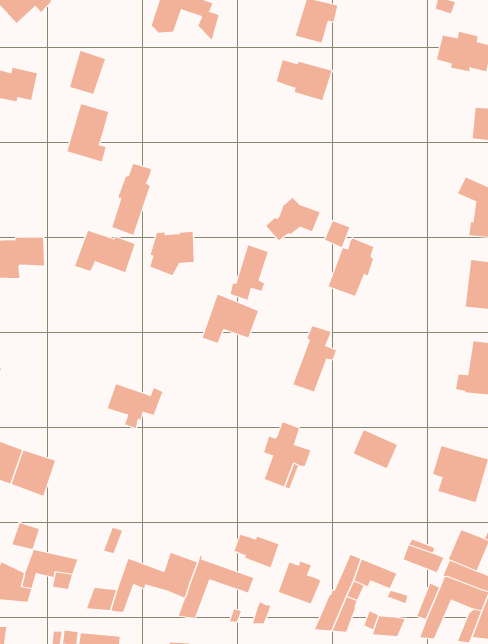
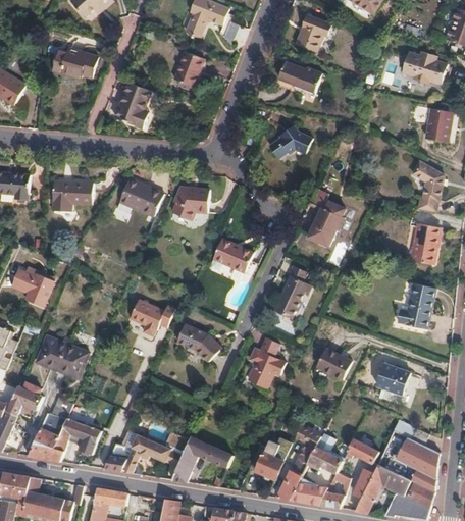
building: [69,50,106,95] -> [174,52,204,87]
building: [111,163,151,235] -> none
building: [265,197,320,241] -> [268,125,311,158]
building: [230,244,268,301] -> none
building: none -> [175,323,219,361]
building: [234,534,279,568] -> none

